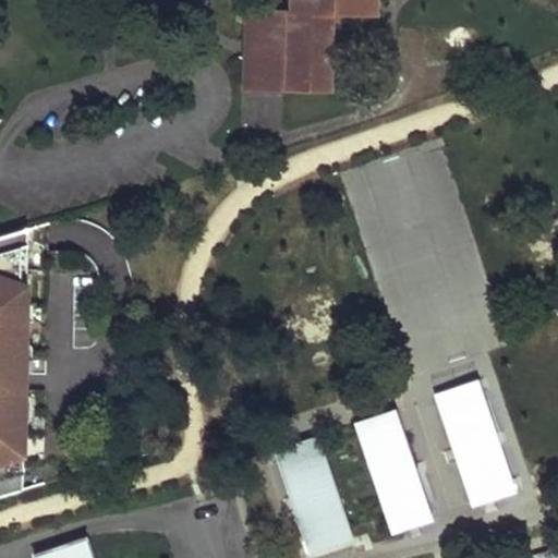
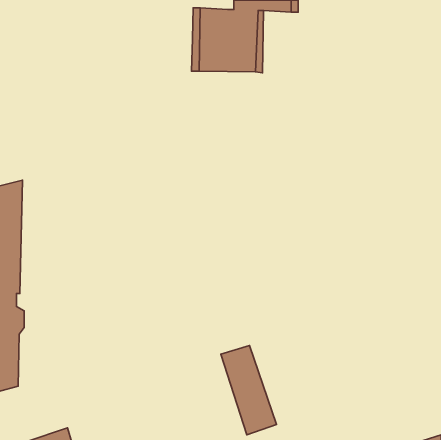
building: [435,374,509,497] -> none
building: [356,412,427,523] -> none

